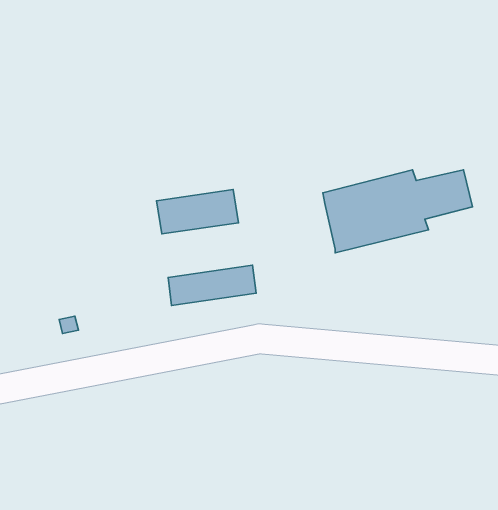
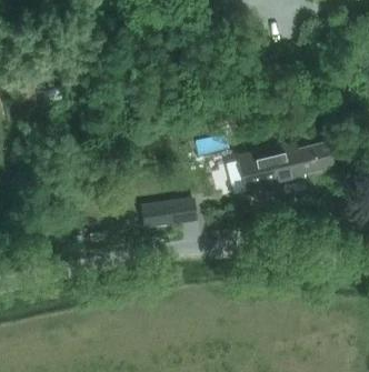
building: [156,190,238,234] -> none

